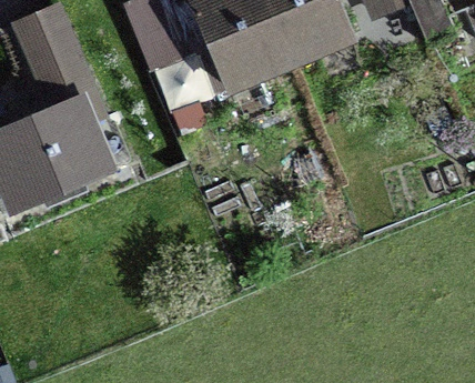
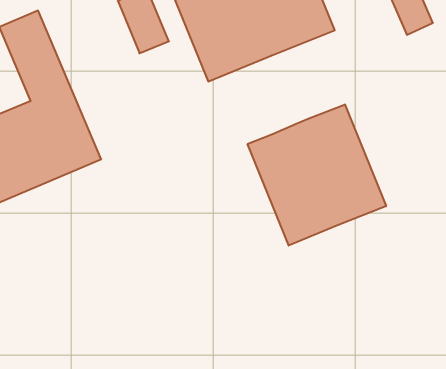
building: none -> [248,104,386,246]

